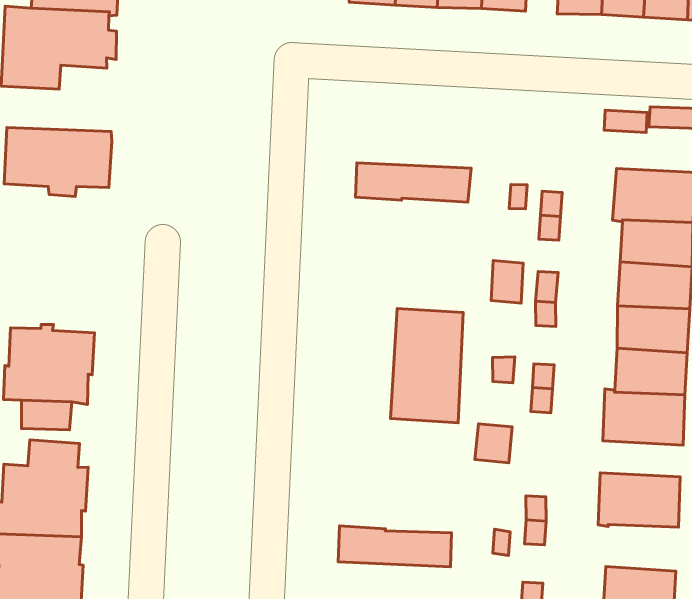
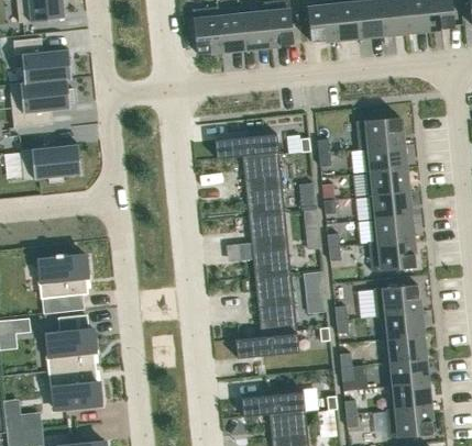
building: none -> [243,153,286,216]
building: none -> [255,274,298,338]
building: none -> [383,312,424,339]

